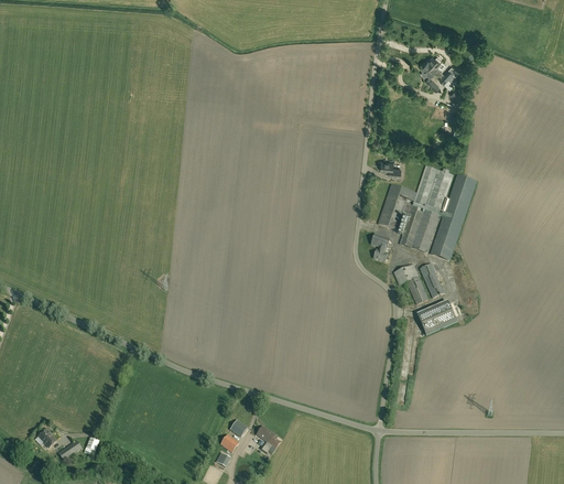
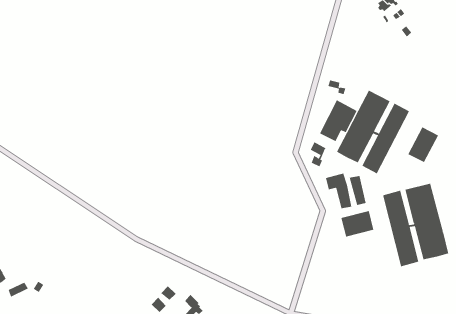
building: none -> [408,127,439,163]
building: none -> [382,183,449,267]

